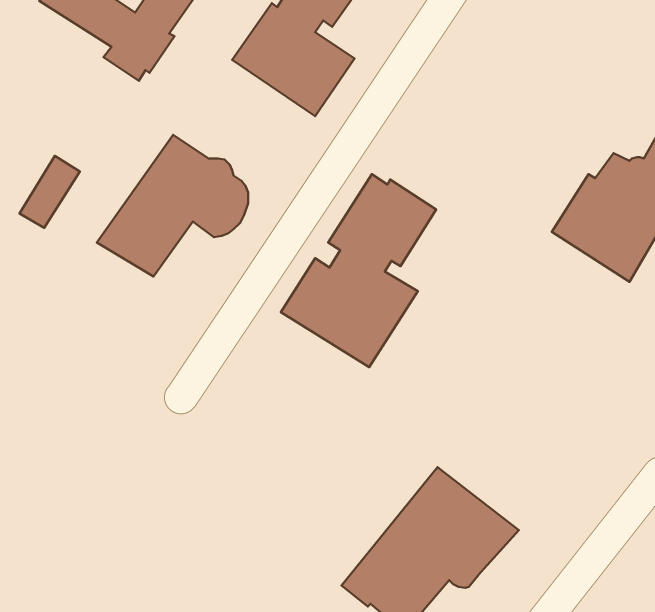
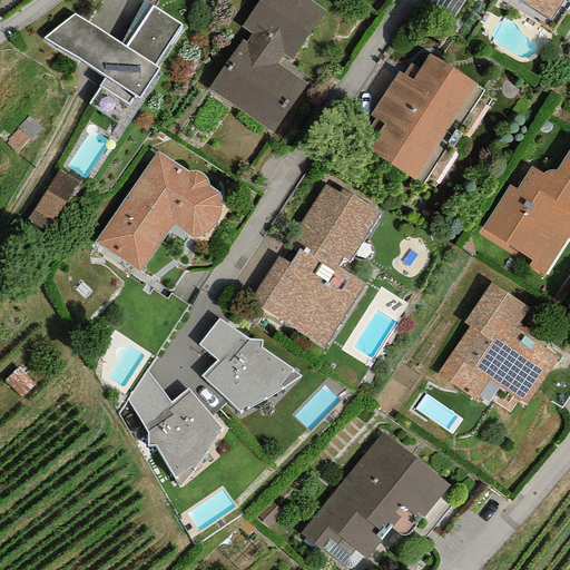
building: none -> [361,52,484,183]
building: none -> [436,283,558,404]
building: none -> [199,318,301,411]
building: none -> [128,371,222,487]

